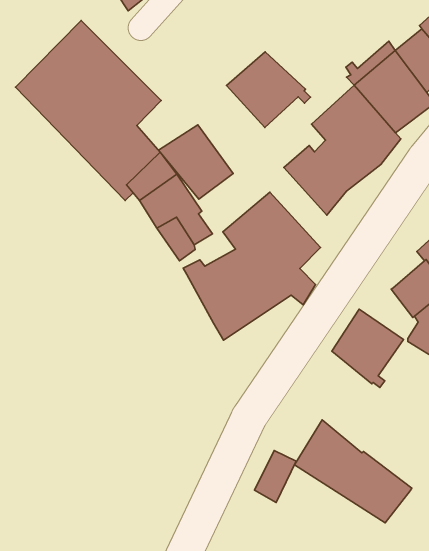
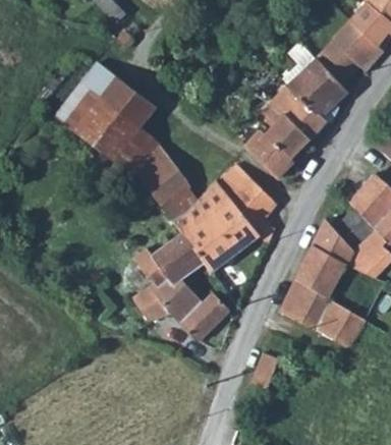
building: [226,52,310,128] -> none
building: [158,125,233,199] -> none
building: none -> [310,217,352,263]
building: none -> [133,232,233,343]
building: [295,420,412,523] -> [277,276,361,344]

